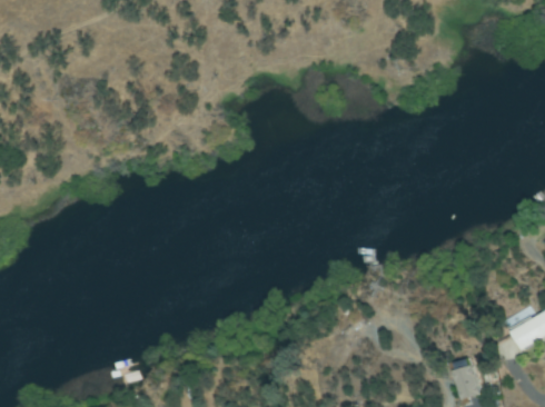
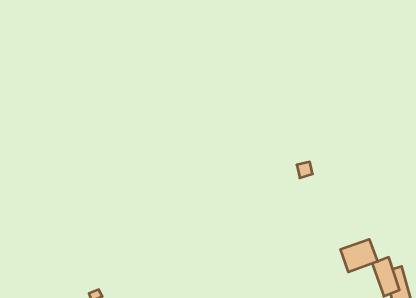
building: none -> [341,239,378,272]

